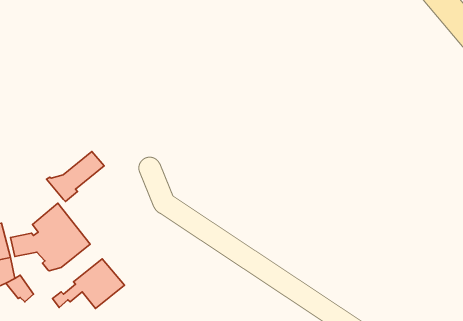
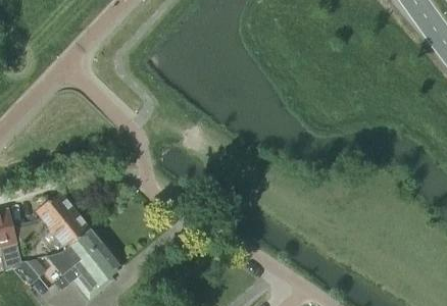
building: [47,152,104,201] -> [48,231,101,276]

